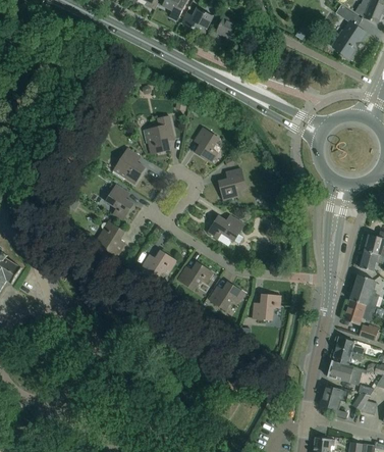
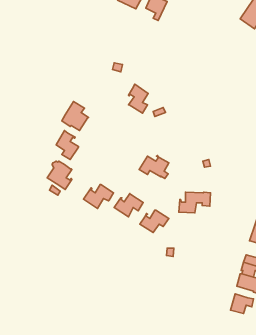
building: [146,114,174,154] -> none
building: [218,168,245,200] -> none
building: [253,294,291,319] -> [179,192,211,213]

